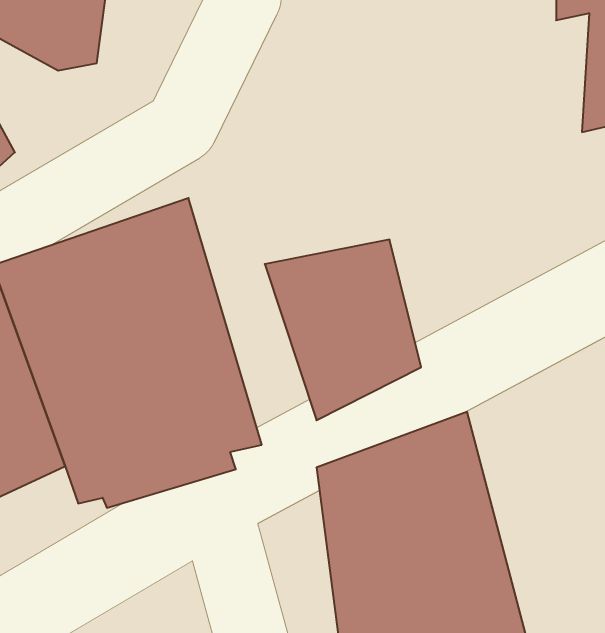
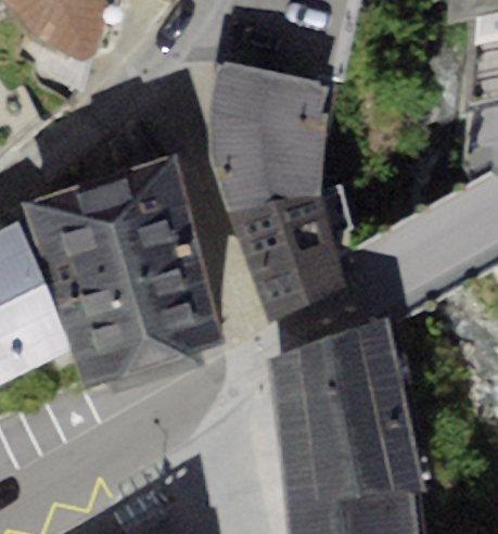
building: none -> [206,62,327,202]

